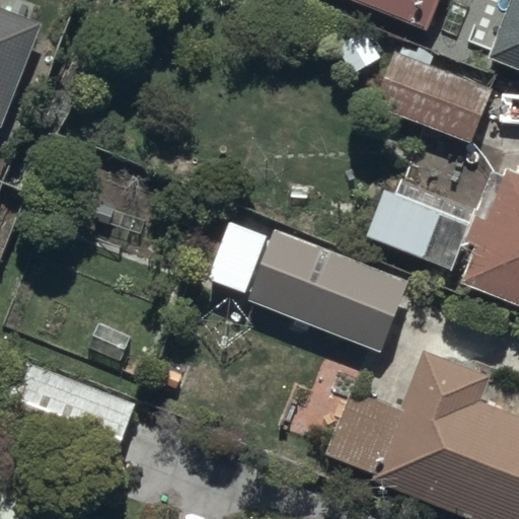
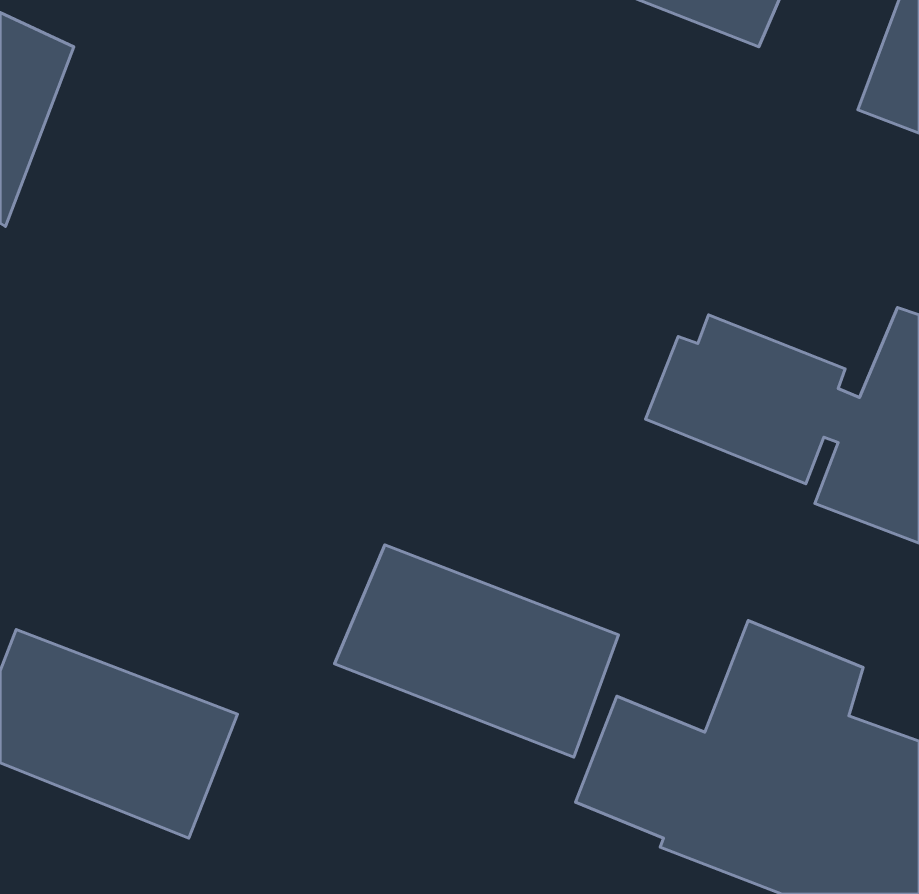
building: [372,35,492,144] -> none
building: [246,229,406,349] -> [334,545,619,757]

